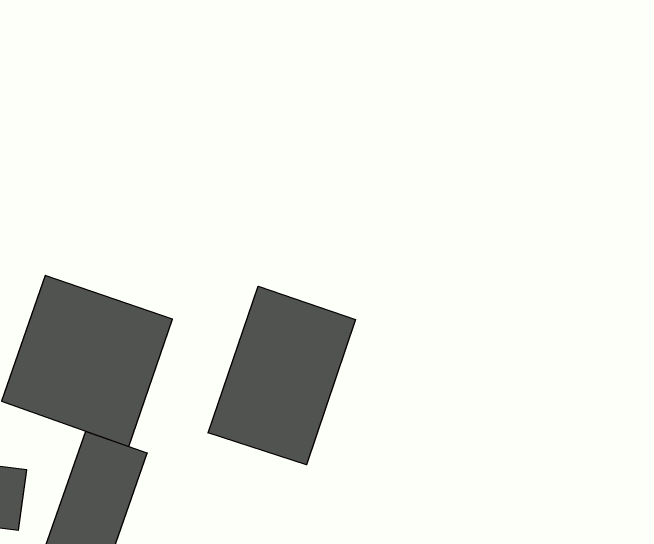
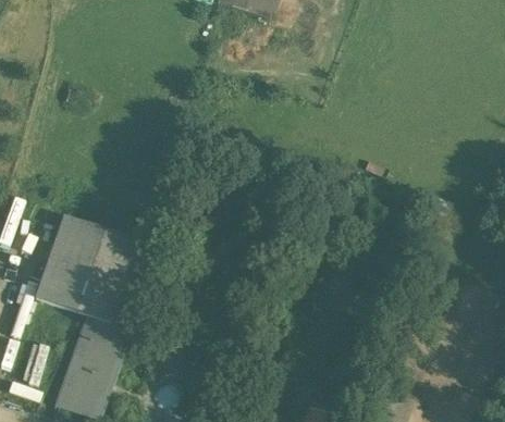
building: [208,286,356,465] -> none

